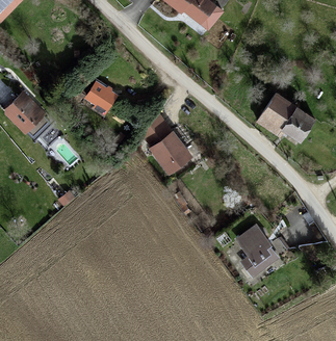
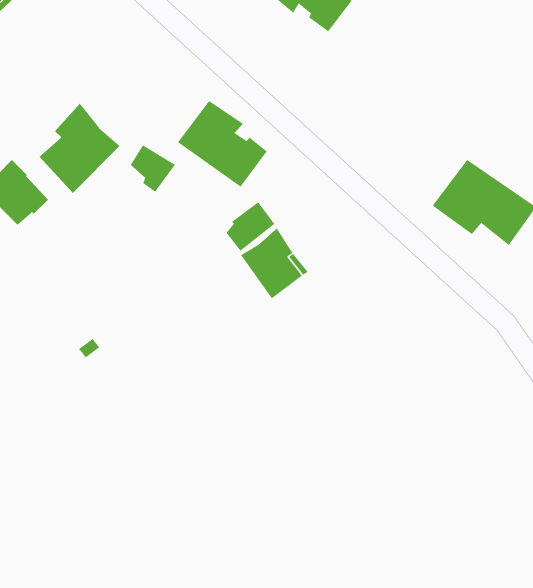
building: none -> [177,100,267,188]
building: none -> [38,103,121,194]
building: [236,230,276,279] -> none

